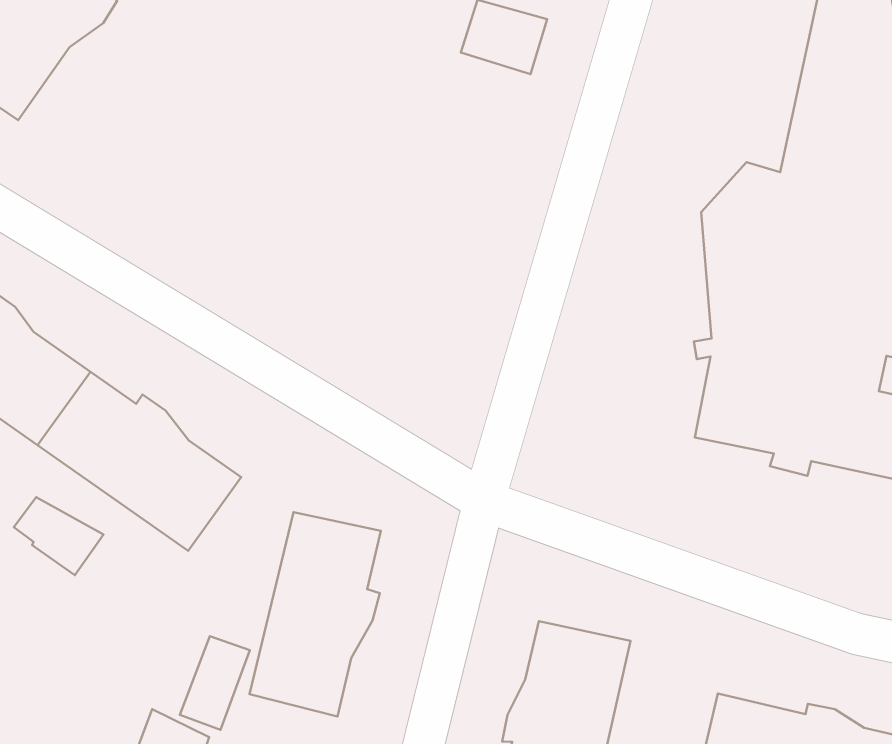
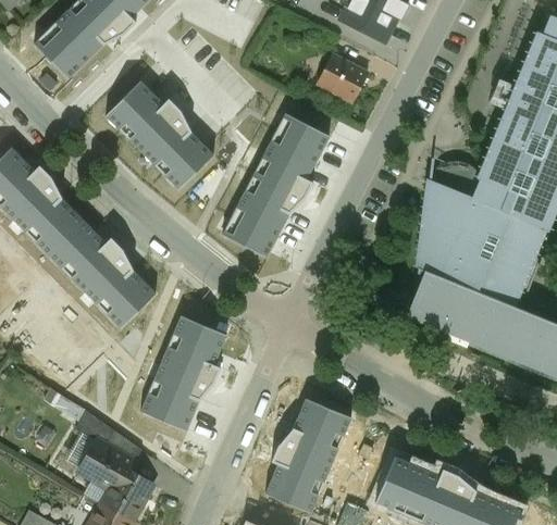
building: none -> [107,83,211,187]
building: none -> [224,115,327,255]
building: [14,497,103,575] -> none
building: [180,636,250,730] -> none

